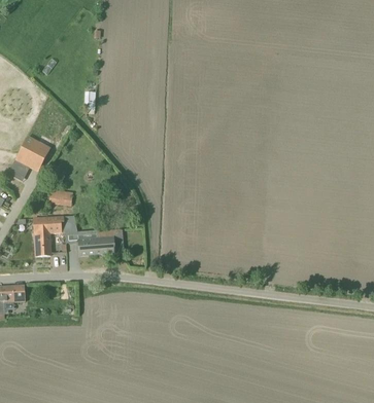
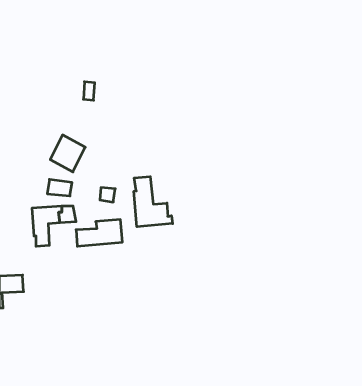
building: [14,136,49,173] -> [50,135,85,172]
building: none -> [134,177,173,227]

